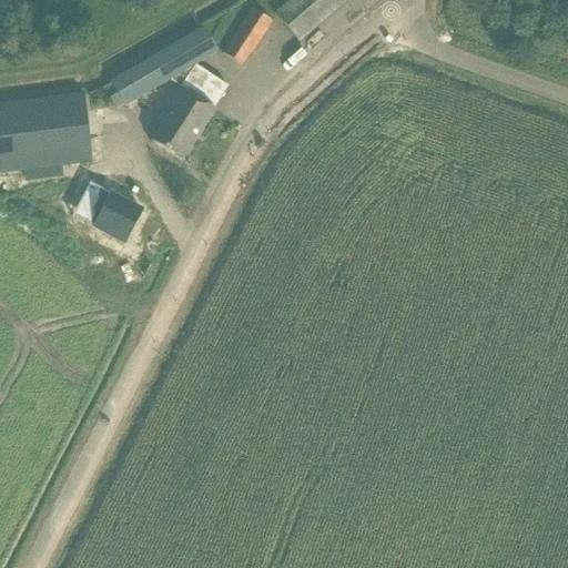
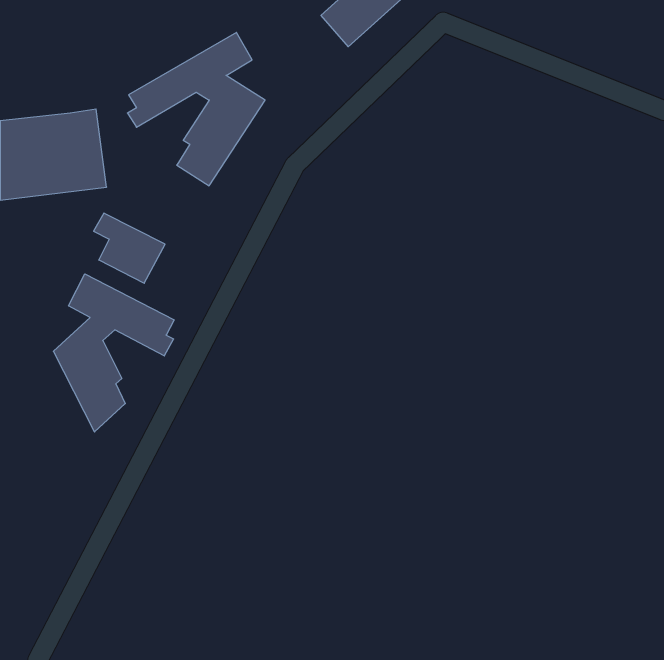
building: [222,8,270,64] -> none
building: none -> [53,274,174,432]

